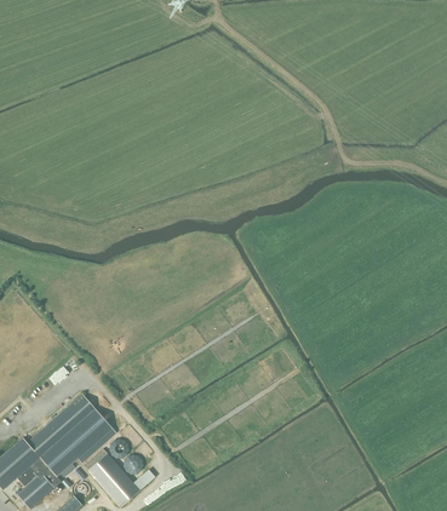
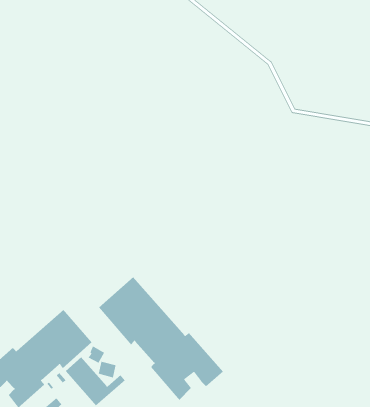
building: none -> [98,277,224,401]

